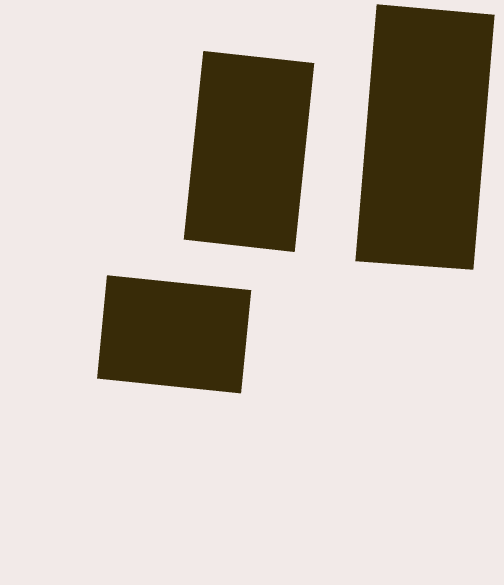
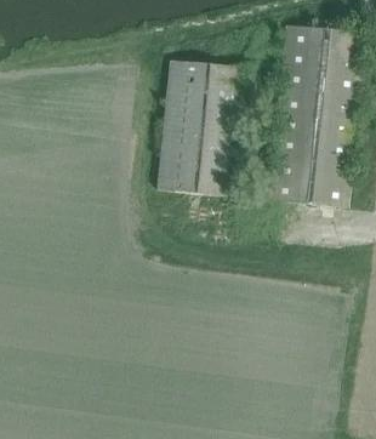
building: [96,275,252,394] -> none

